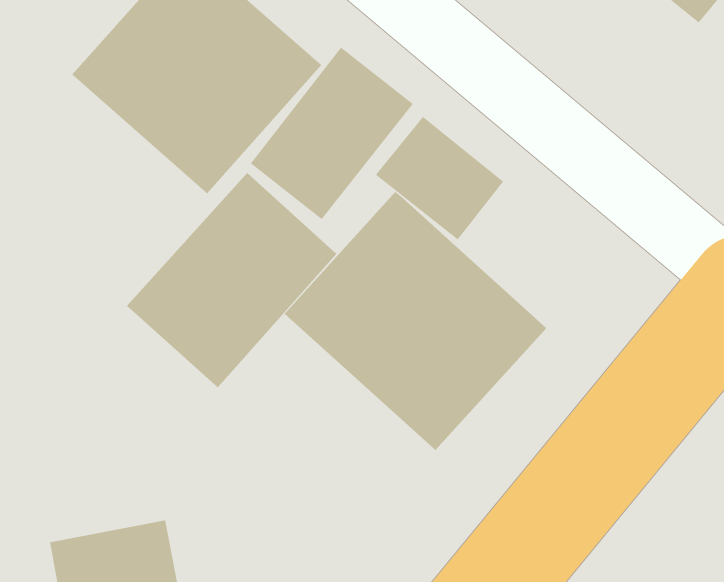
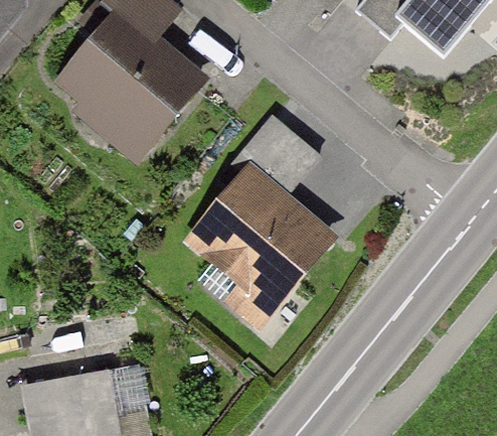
building: [250,47,414,220] -> none
building: [126,172,337,388] -> none

